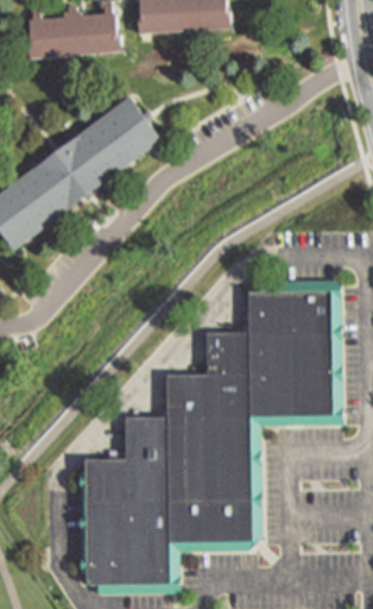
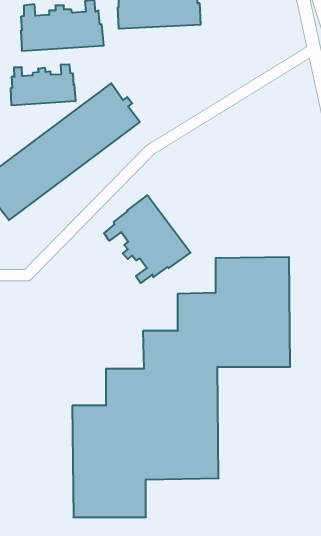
building: none -> [11,64,75,105]
building: none -> [104,195,191,283]

